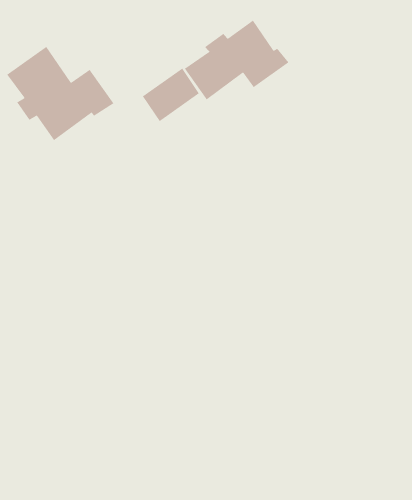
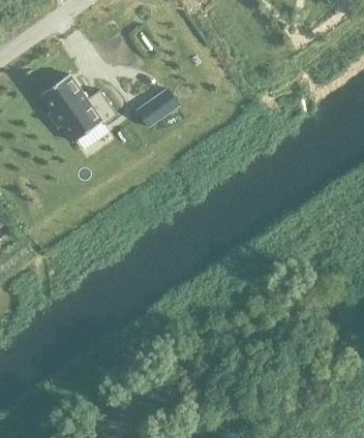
building: [184,20,289,100] -> none

